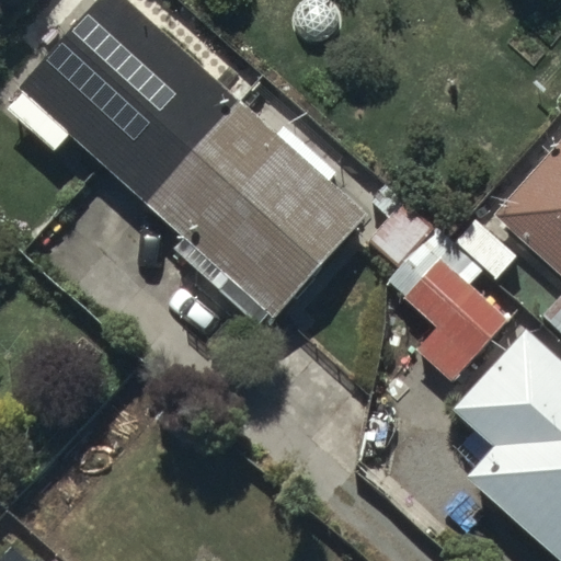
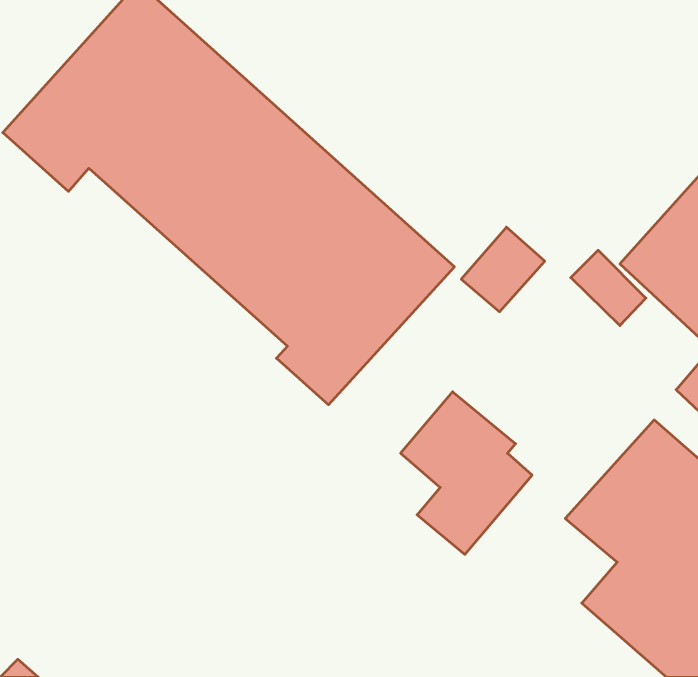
building: [405,249,511,379] -> [401,392,532,554]

